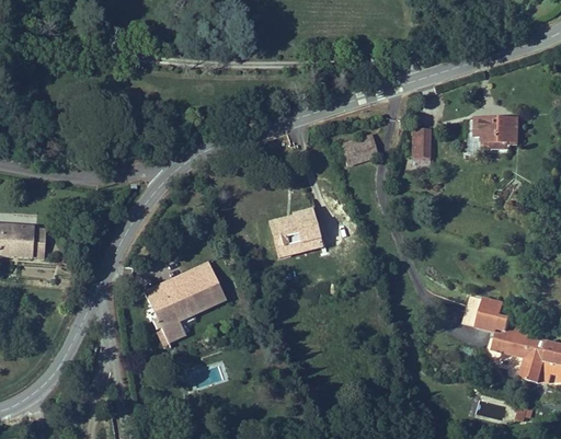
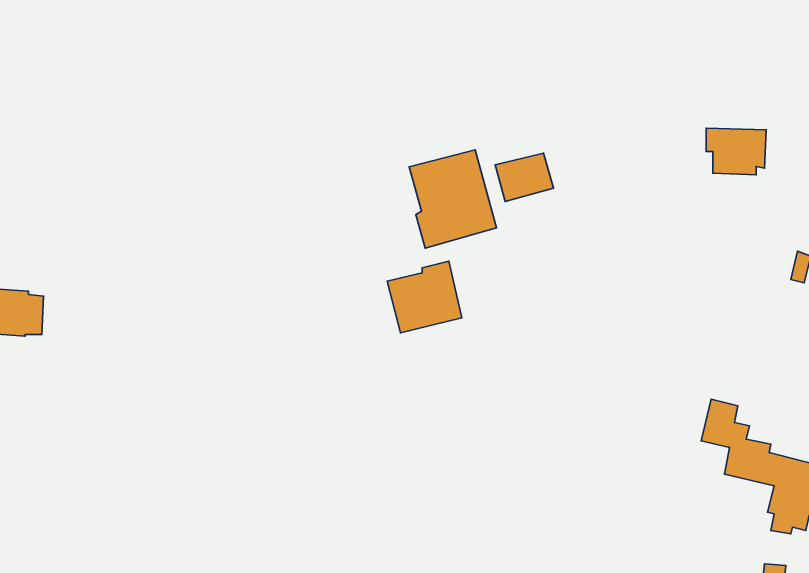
building: [414,130,431,169] -> none
building: none -> [409,150,497,248]
building: [142,257,224,338] -> none

